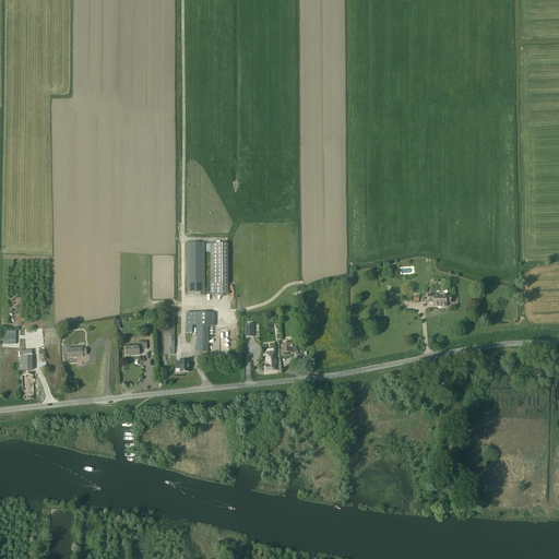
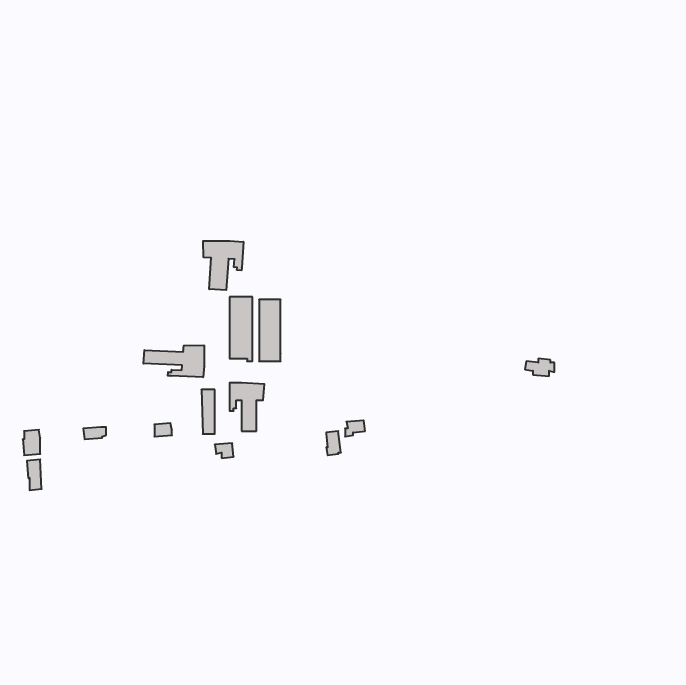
building: none -> [203,241,243,290]
building: none -> [143,345,204,377]

